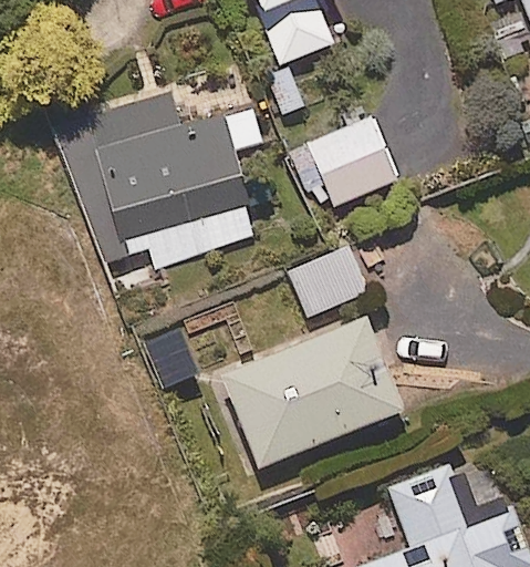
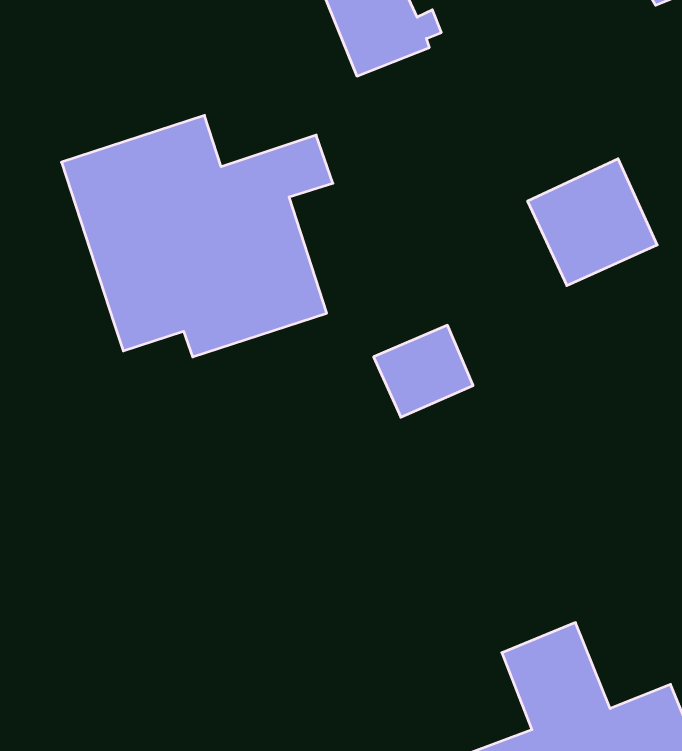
building: [304,116,399,209] -> [528,159,657,286]
building: [222,316,402,466] -> none

